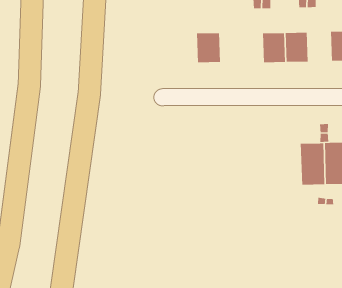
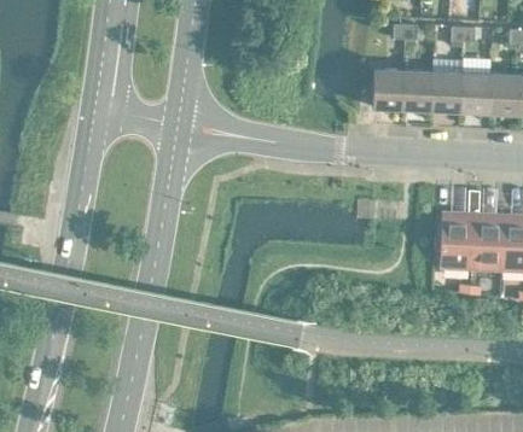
building: none -> [460,72,490,112]
building: [196,32,221,63] -> [372,69,403,109]

